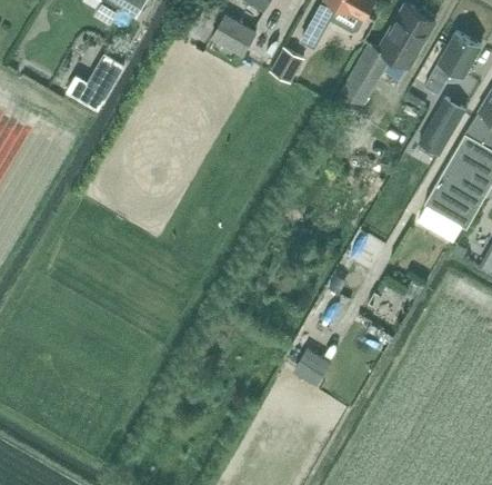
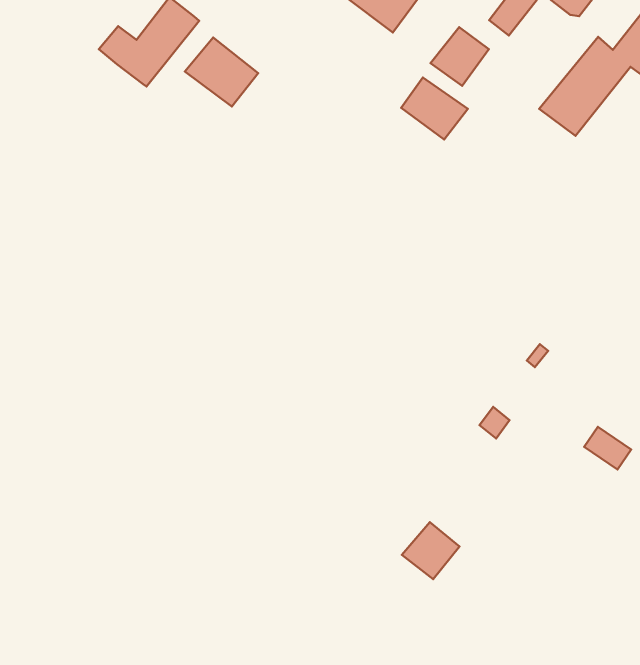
building: none -> [185,37,258,107]
building: none -> [401,78,468,140]

